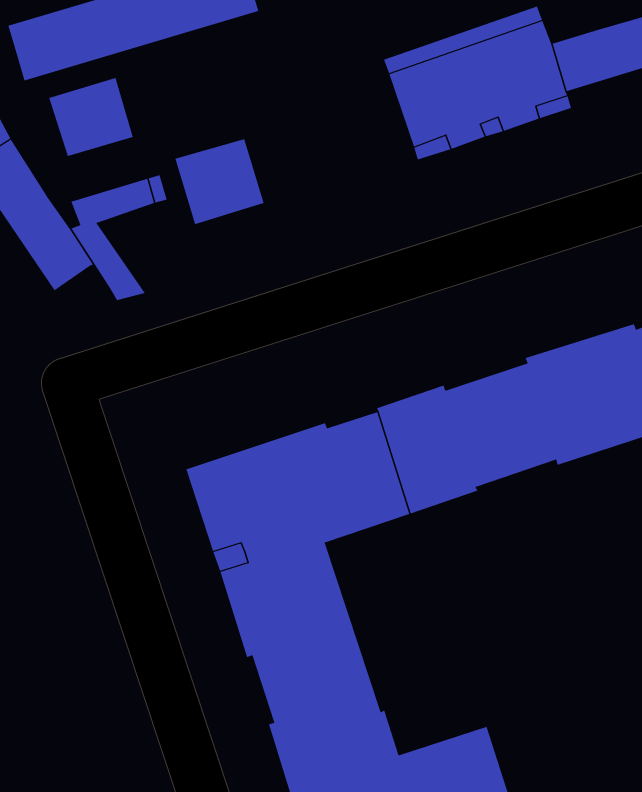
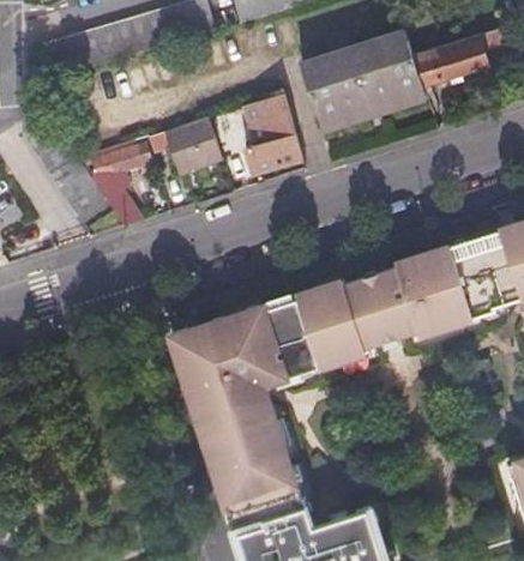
building: [49,77,133,157] -> none
building: none -> [245,92,301,167]

